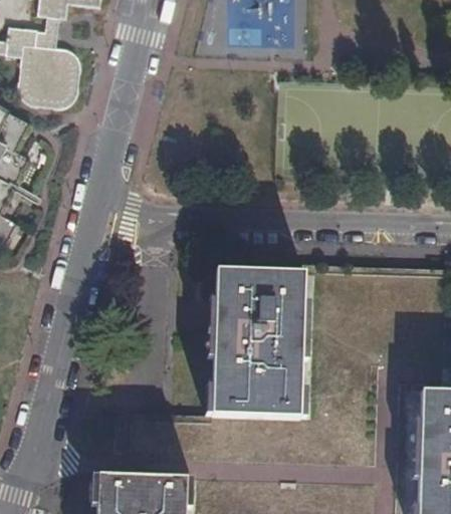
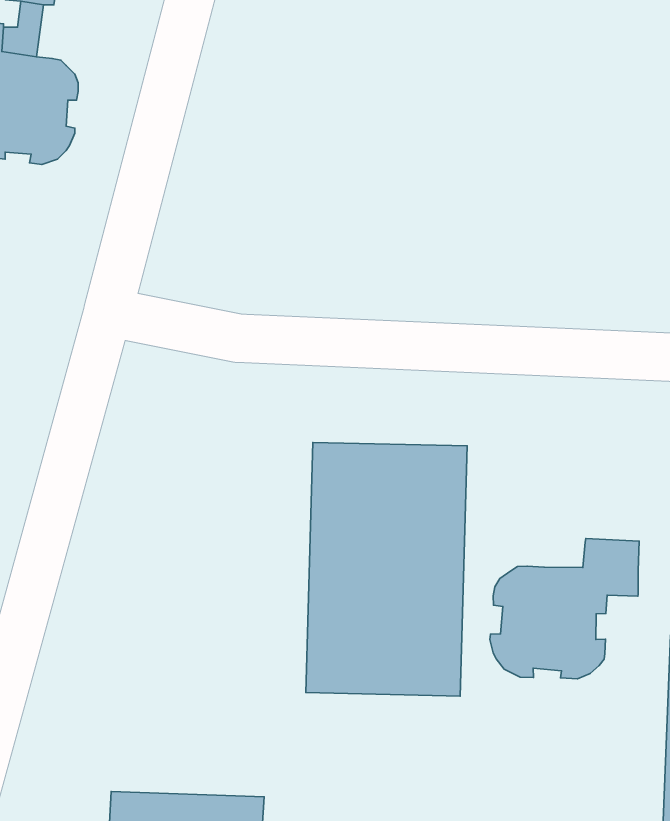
building: none -> [490,539,639,679]

